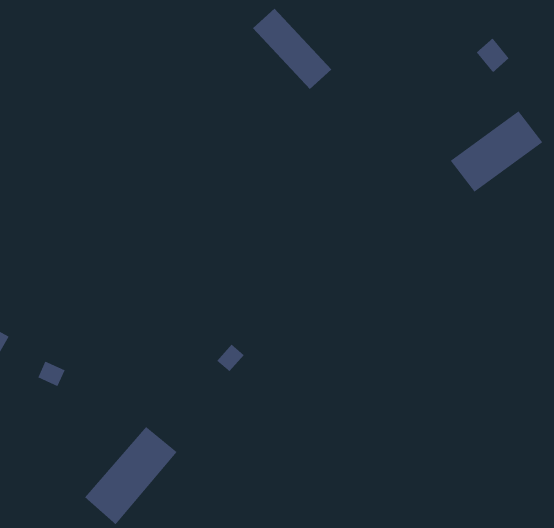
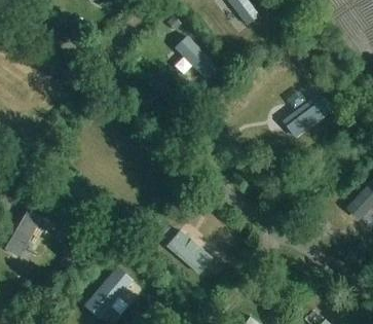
building: none -> [165,229,214,276]

